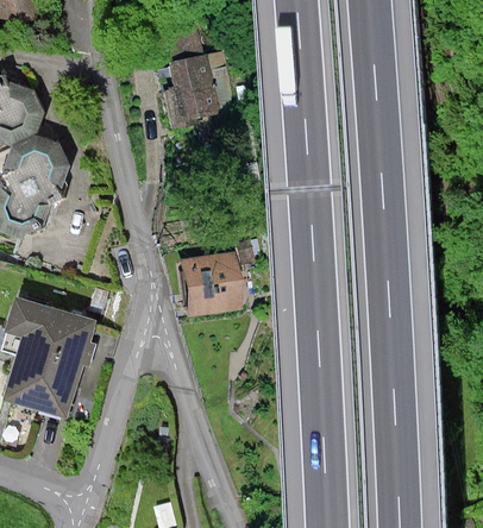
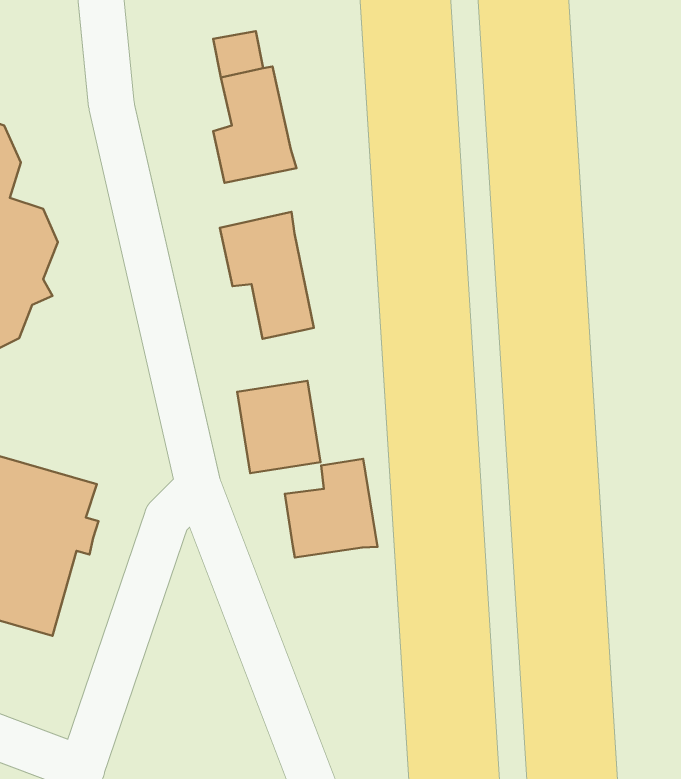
building: none -> [220,212,314,339]
building: none -> [285,459,378,557]

